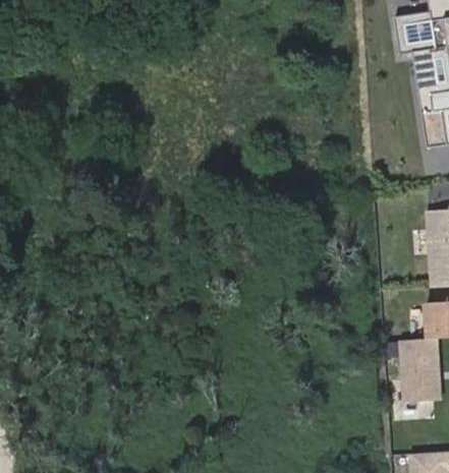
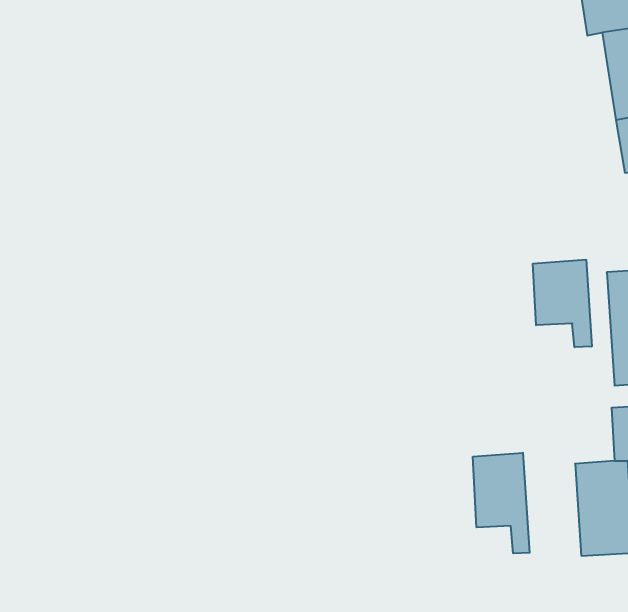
building: none -> [533,260,592,347]
building: none -> [473,453,530,553]

